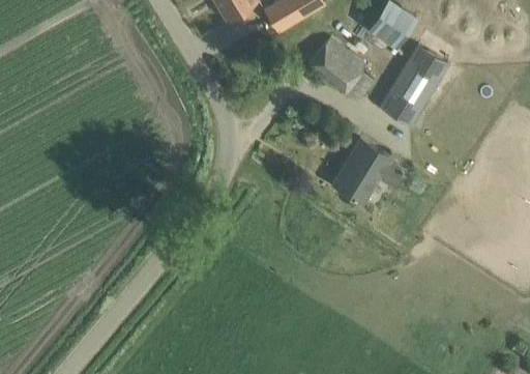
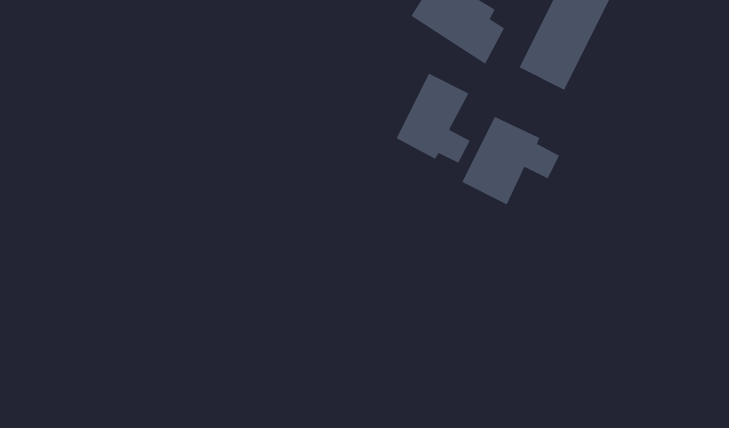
building: none -> [396,73,471,163]

